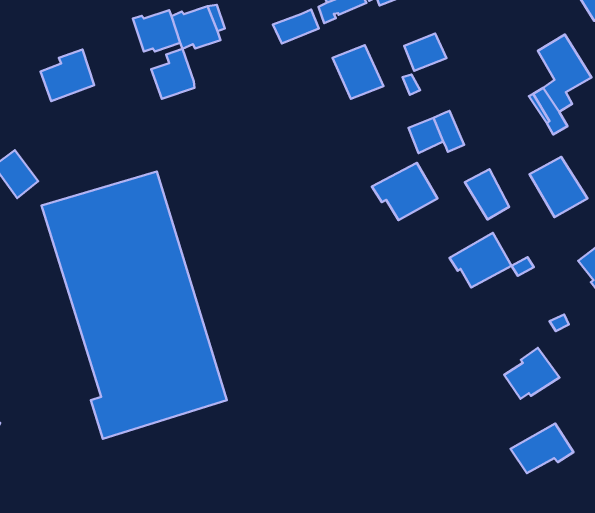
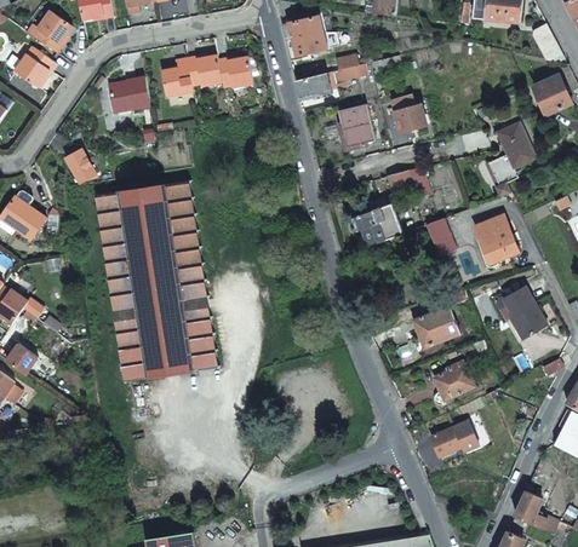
building: [151,49,195,99] -> [160,59,191,96]
building: [450,233,512,287] -> [412,306,459,346]

